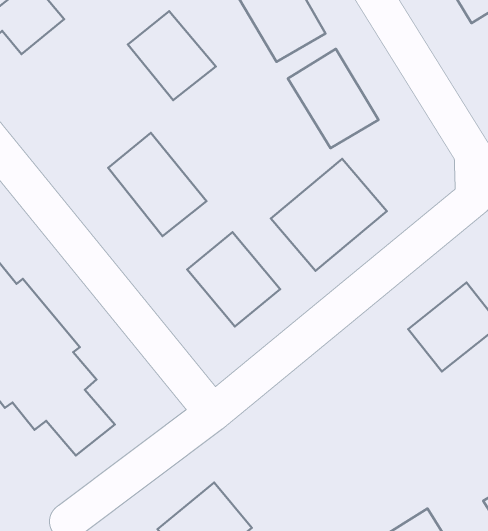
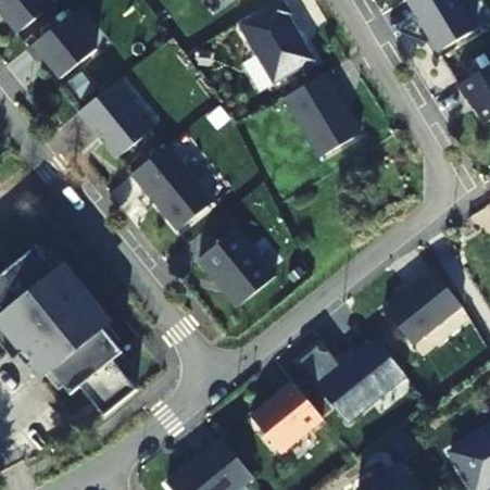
building: [128,11,216,100] -> [79,84,153,159]
building: [271,159,387,271] -> none
building: none -> [297,339,406,425]
building: none -> [252,381,323,453]

